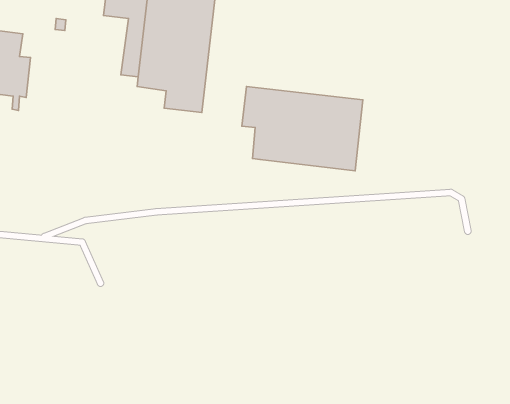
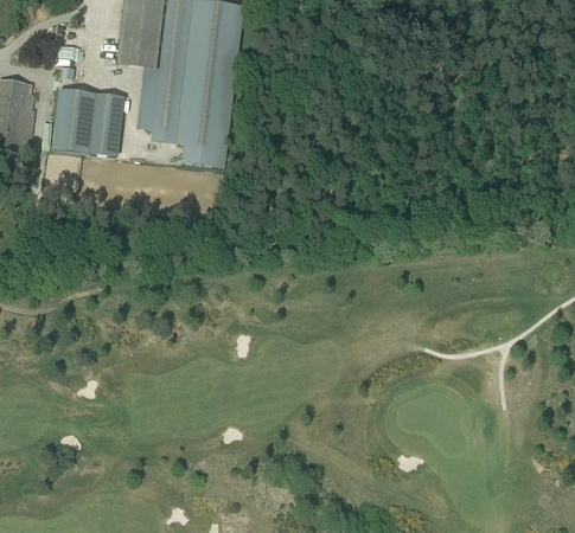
building: none -> [55,88,123,155]
building: [242,86,363,171] -> none

